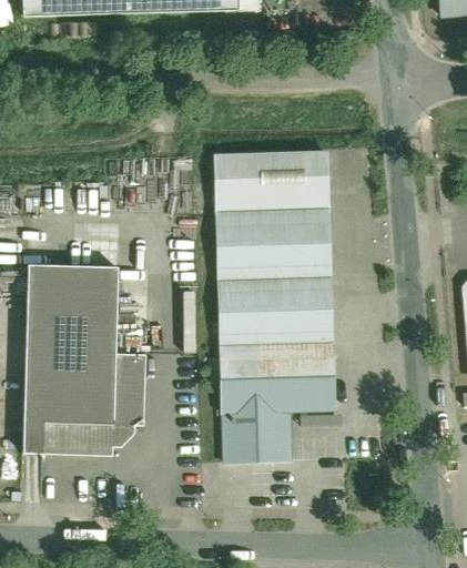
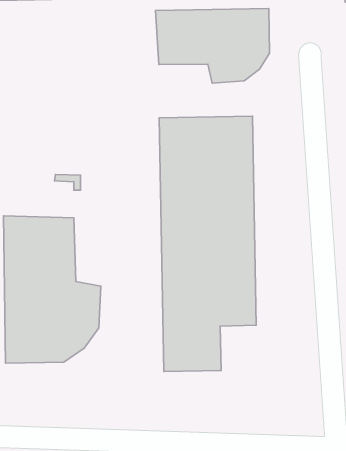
building: none -> [156,8,270,83]

